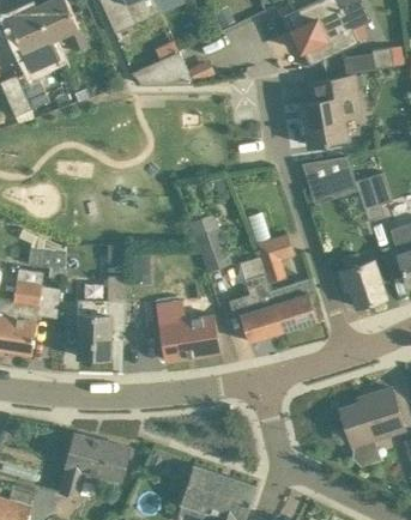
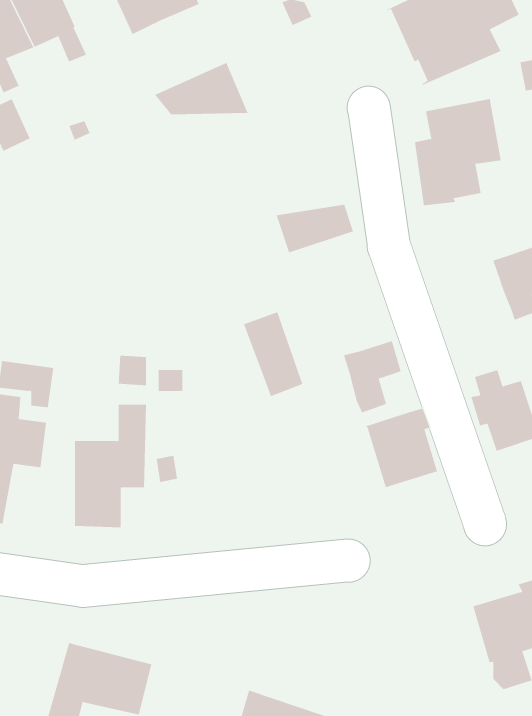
building: [301,157,352,189] -> [276,204,354,253]
building: [229,274,283,343] -> none
building: [157,301,219,361] -> none

